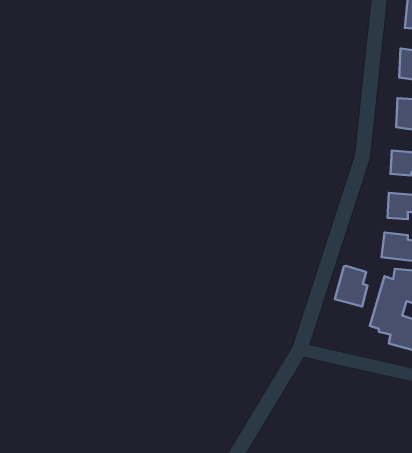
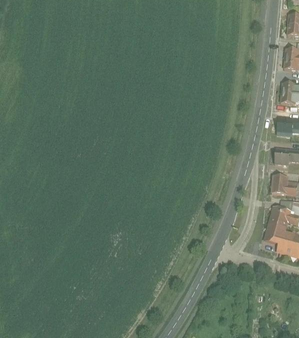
building: [335,266,368,307] -> none

